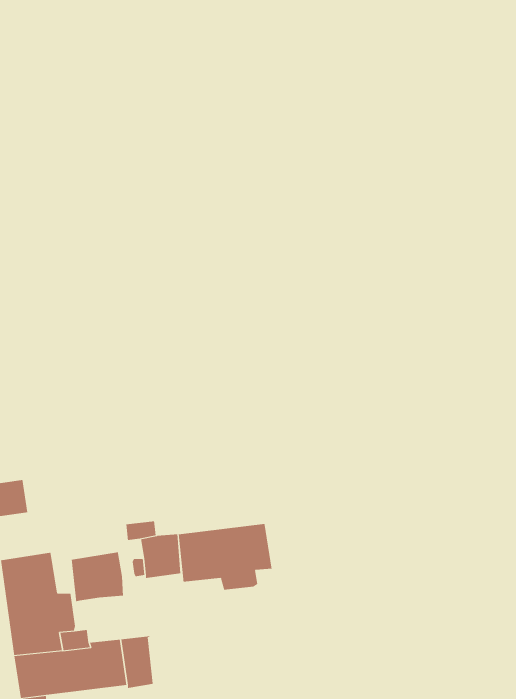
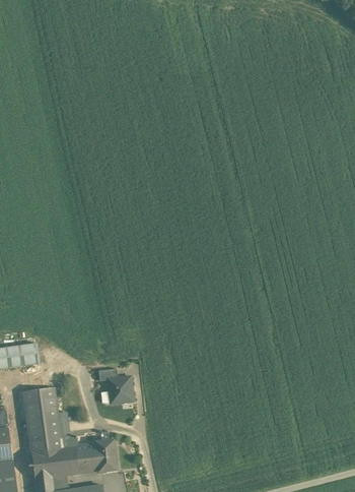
building: [178,523,272,591] -> none
building: [71,551,124,602] -> none

